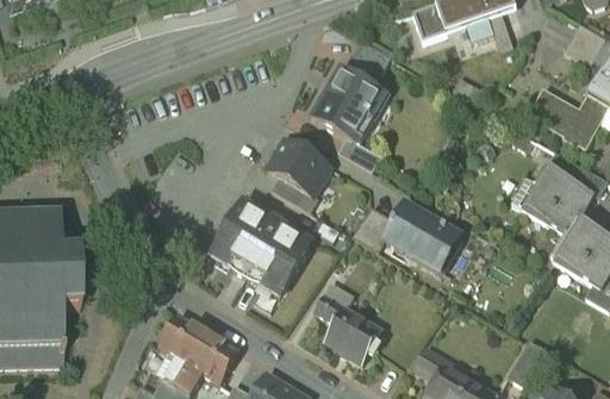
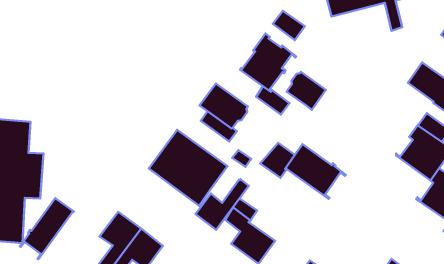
building: none -> [287,72,326,110]
building: none -> [196,179,249,230]
building: none -> [20,198,74,259]

